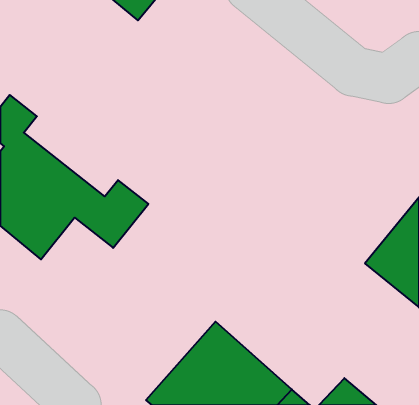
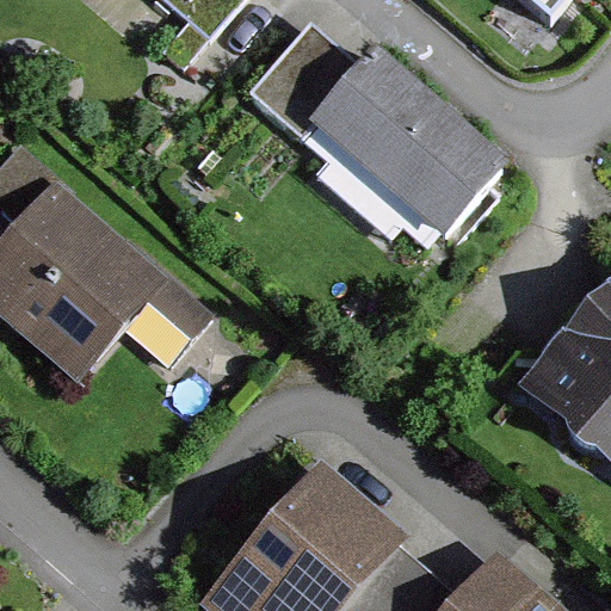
building: none -> [259,39,508,249]

